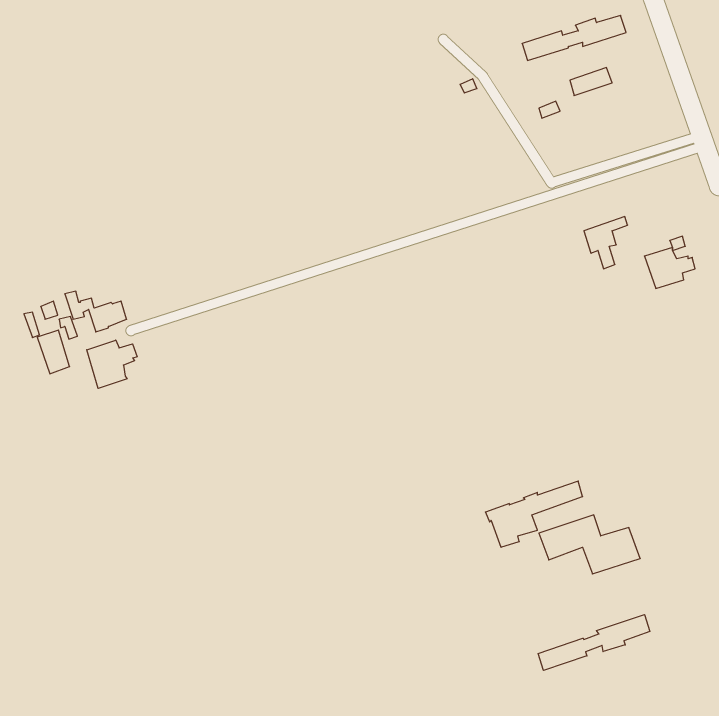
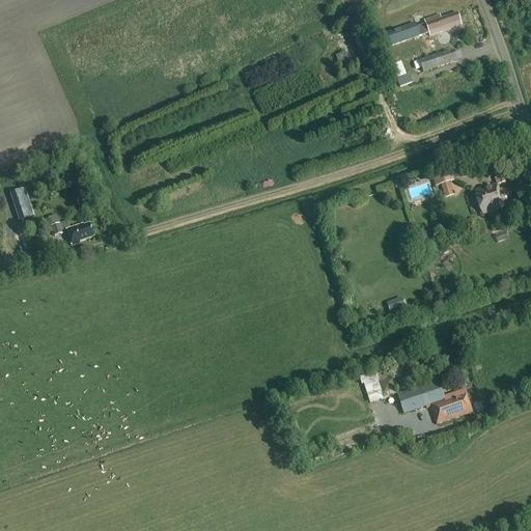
building: [37,330,70,374] -> [10,188,34,220]
building: [87,340,137,388] -> none
building: [538,615,650,670] -> none

